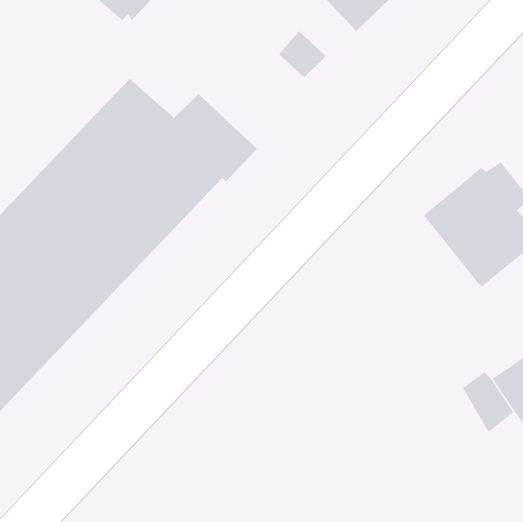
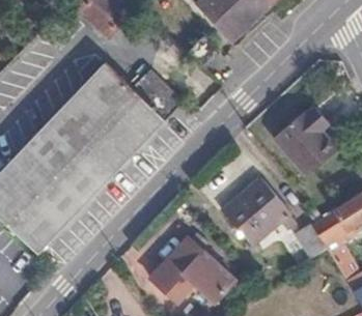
building: none -> [222,179,294,247]
building: none -> [154,238,231,301]

